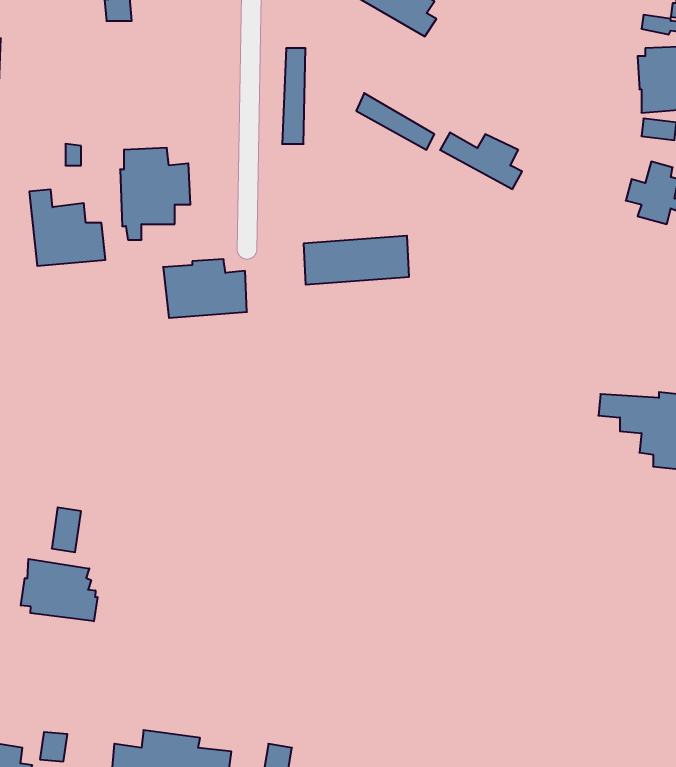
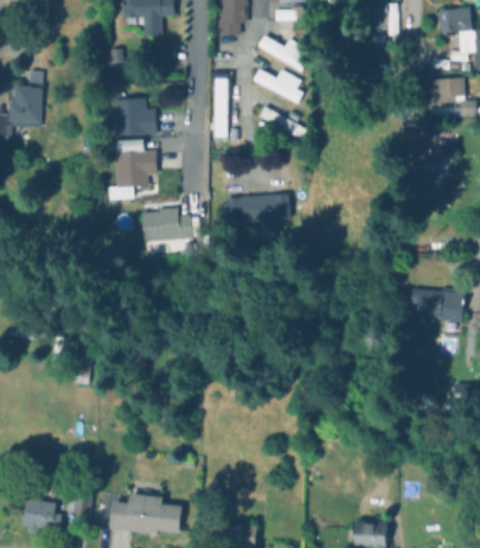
building: [440,132,522,189] -> [252,69,302,103]
building: [29,190,105,266] -> [111,88,158,134]
building: [21,559,98,621] -> none

